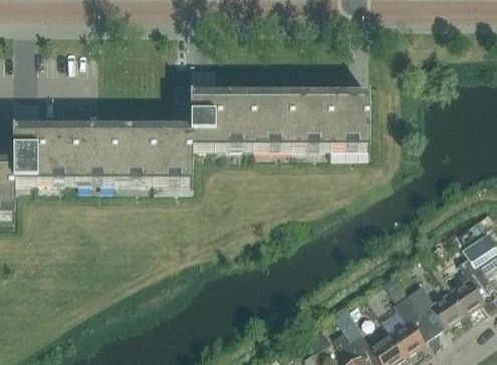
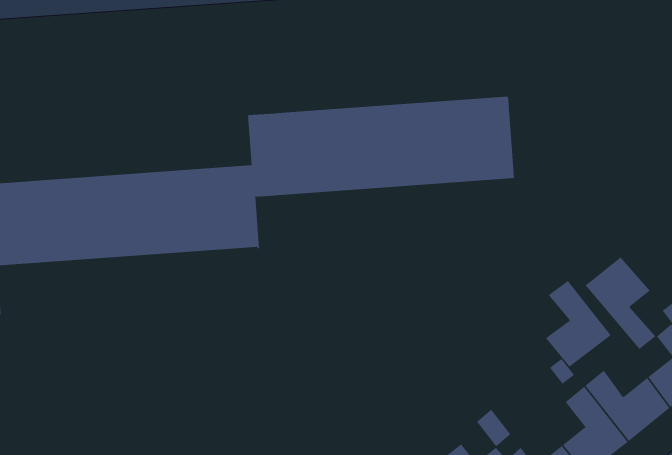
building: none -> [585,257,656,350]
building: none -> [545,280,611,367]

